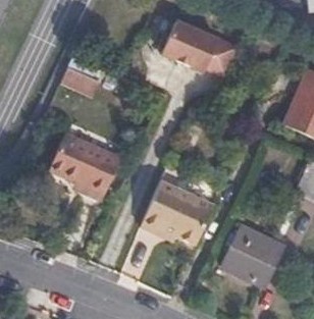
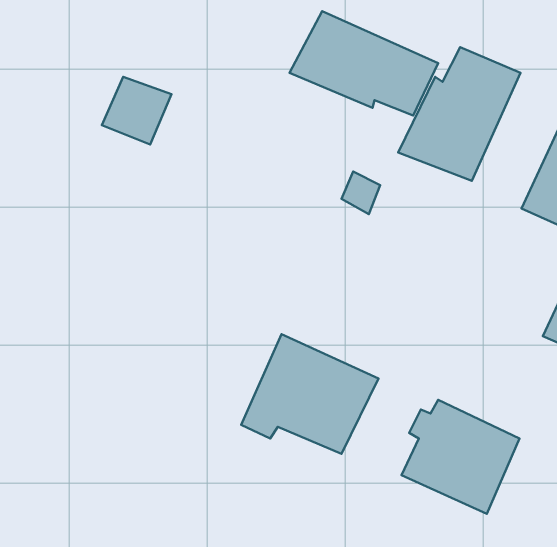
building: none -> [398,47,520,181]
building: [46,142,116,210] -> none

